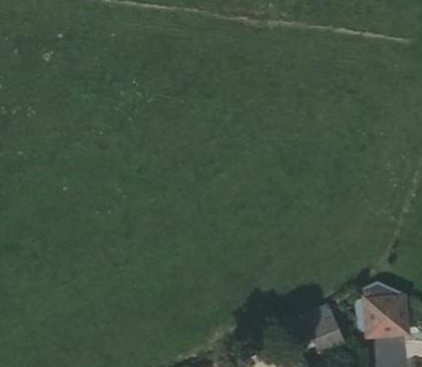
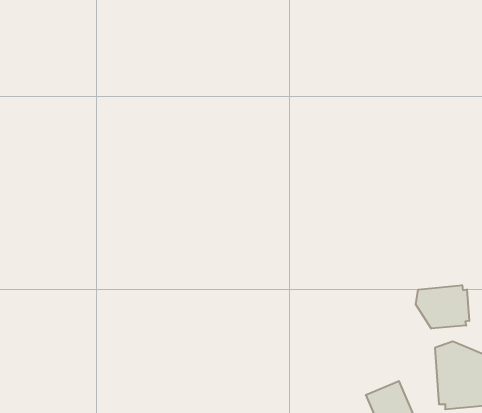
building: none -> [416,285,469,329]

